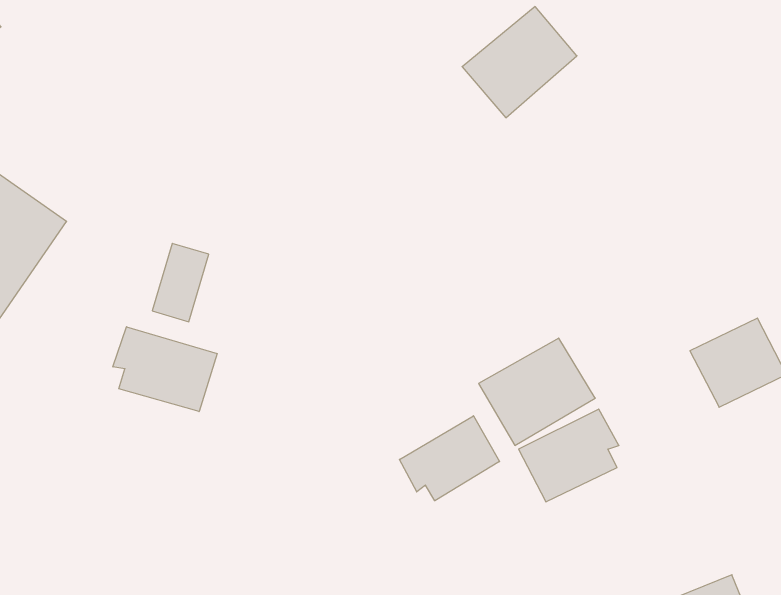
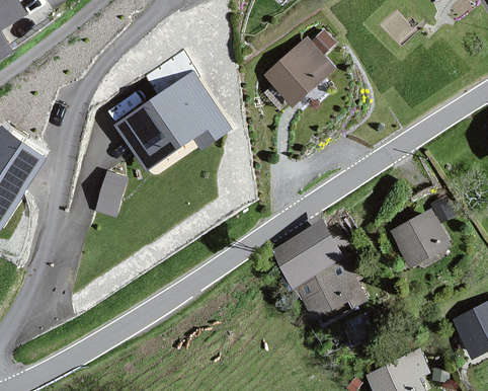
building: none -> [116,73,228,168]
building: [113,327,217,412] -> none
building: [399,416,500,501] -> none

